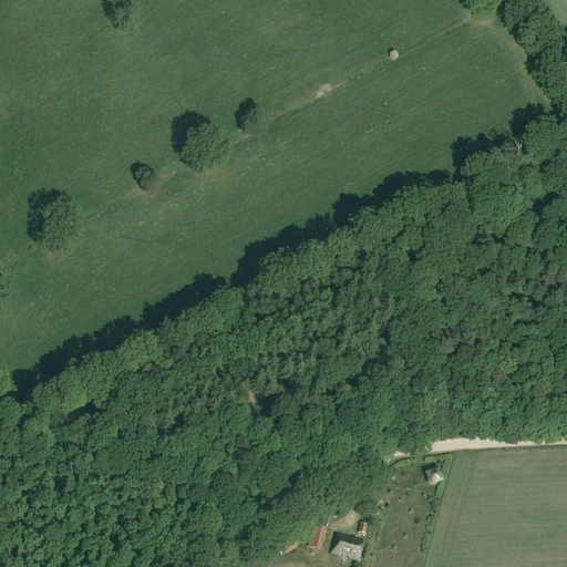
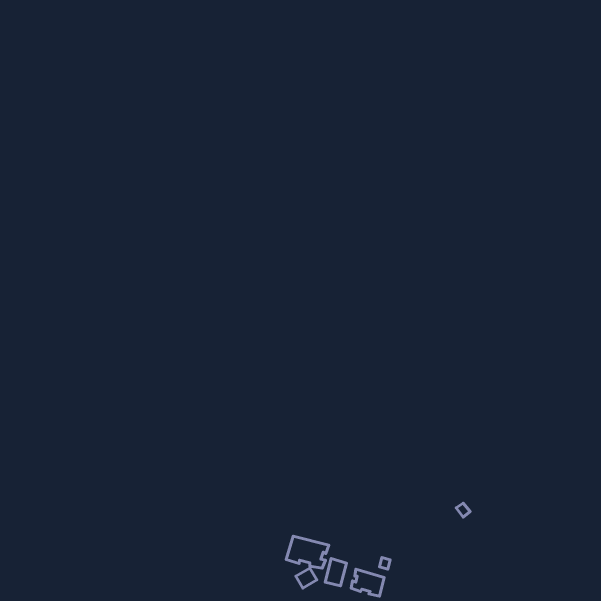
building: none -> [286,536,329,568]

